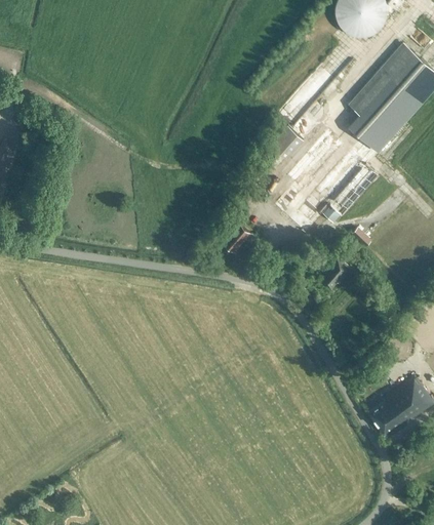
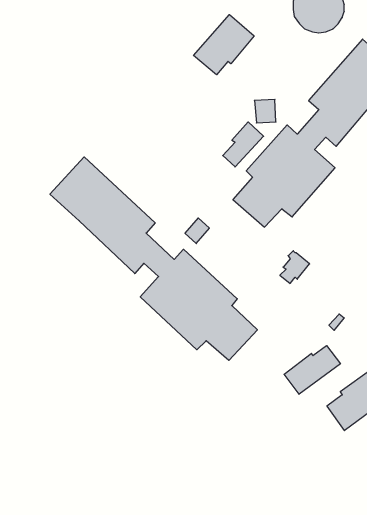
building: none -> [194,15,254,75]
building: none -> [50,157,257,360]
building: none -> [284,346,340,394]

